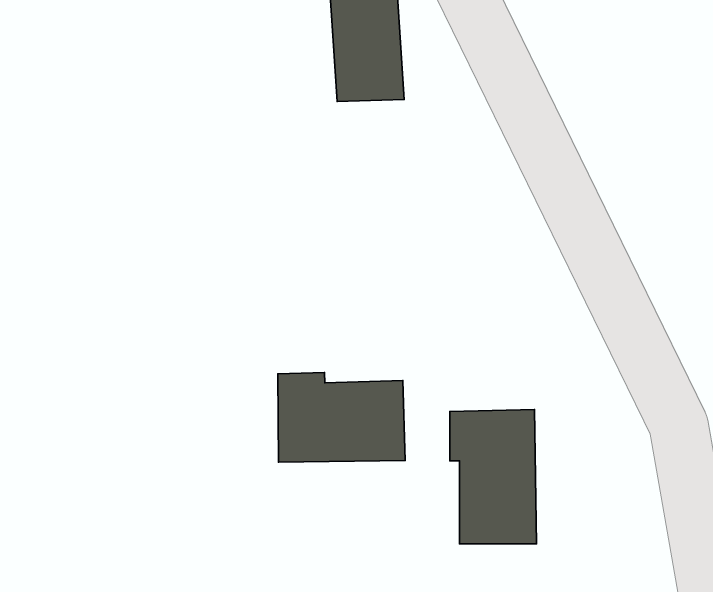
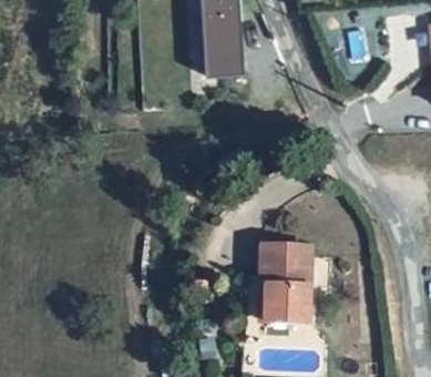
building: [278,373,405,462] -> none

